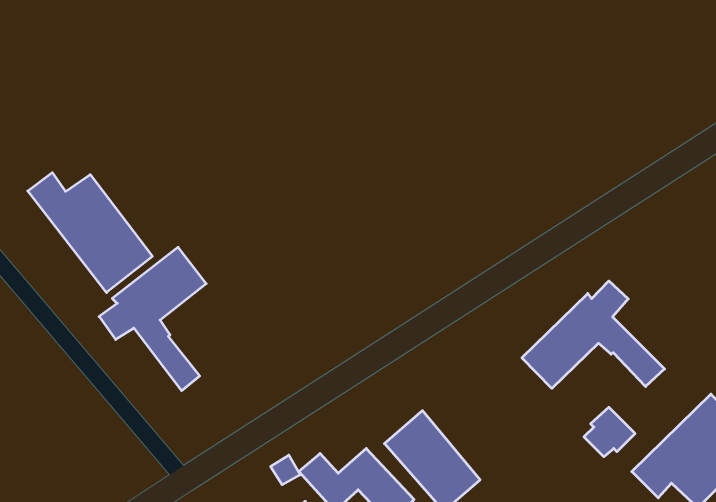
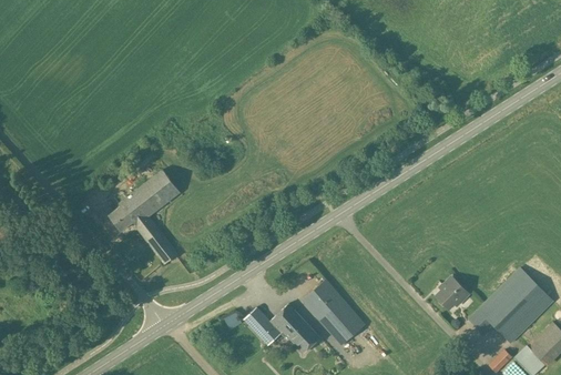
building: [28,173,152,293] -> none
building: [522,281,665,388] -> none

